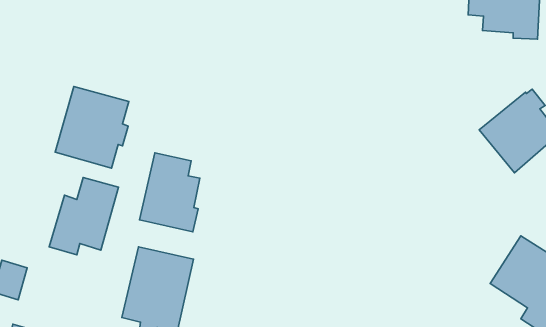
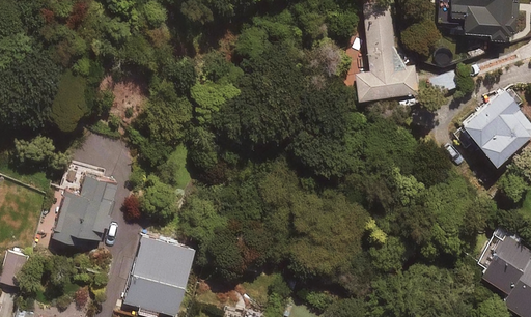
building: none -> [353,13,417,100]
building: [55,87,129,168] -> none
building: [140,153,200,232] -> none

